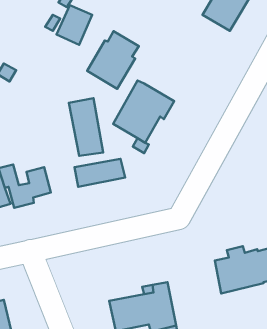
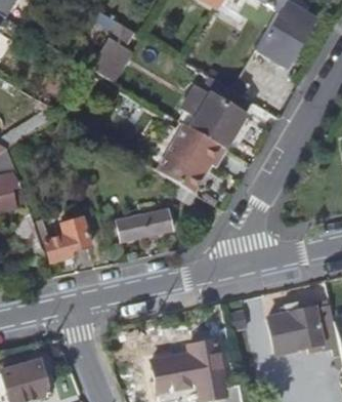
building: [87,31,139,89] -> [191,82,248,145]
building: [69,98,103,156] -> none

